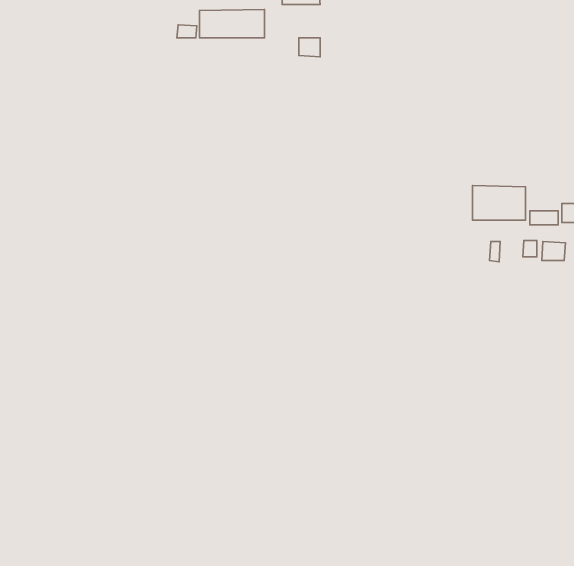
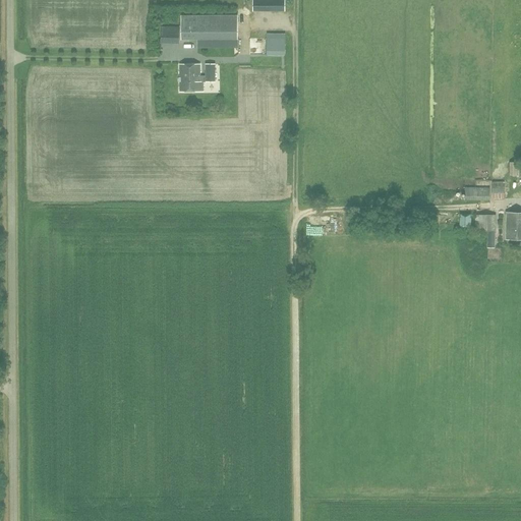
building: none -> [180,63,215,91]
building: [472,185,525,220] -> none

